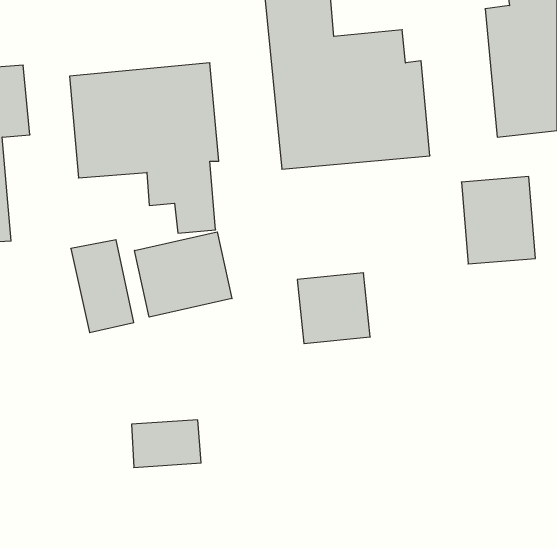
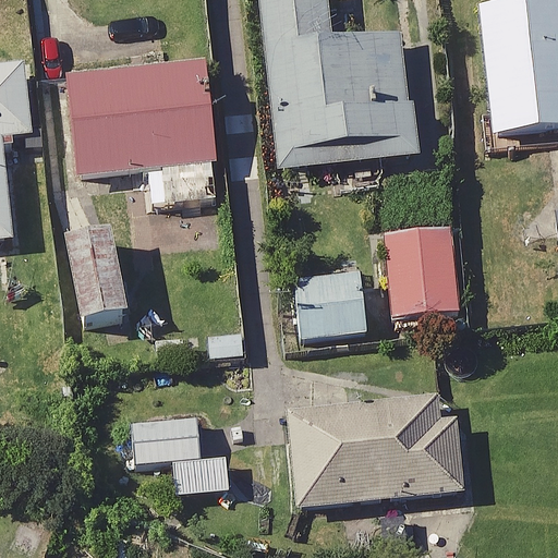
building: [461,177,535,264] -> [384,227,457,313]
building: [135,232,232,317] -> none
building: none -> [287,392,461,508]

